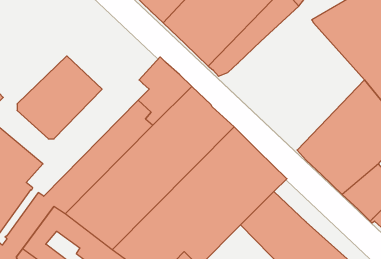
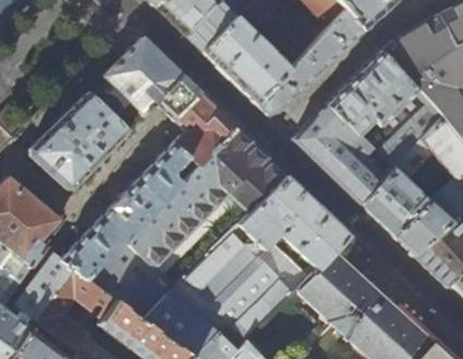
building: none -> [89,37,199,130]
building: none -> [294,51,441,202]

